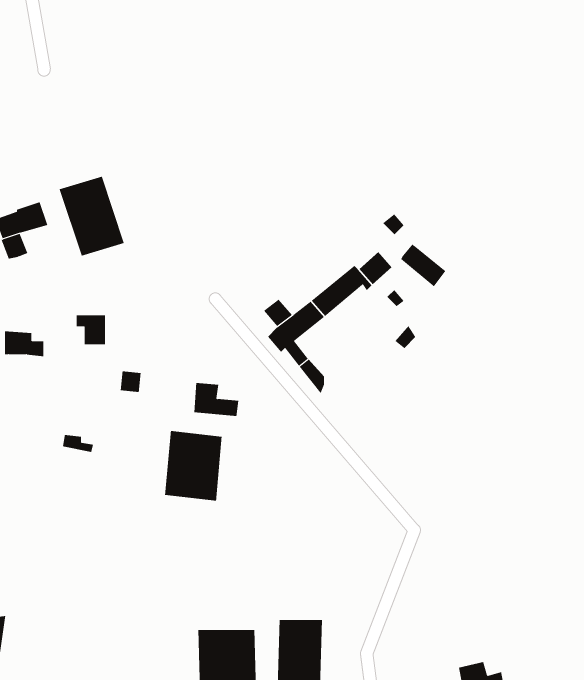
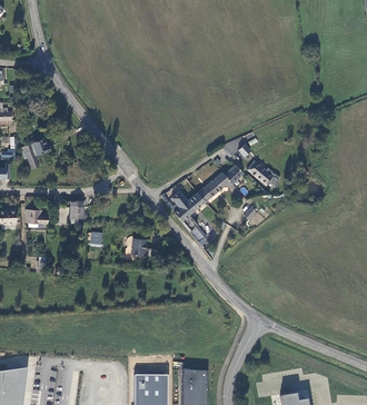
building: [59,176,125,257] -> none
building: [165,430,222,501] -> none

